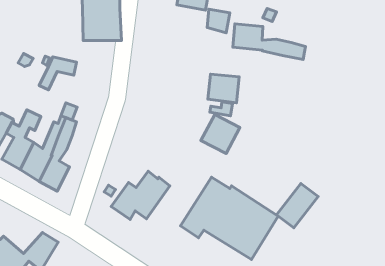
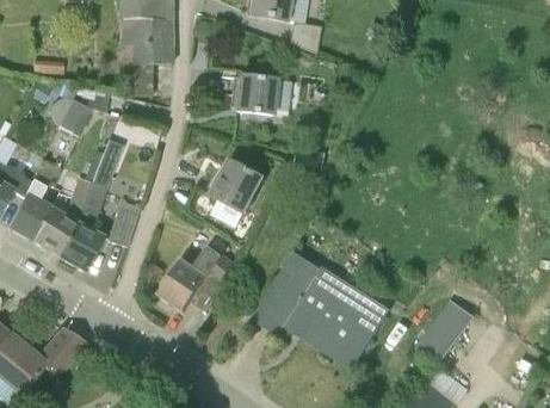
building: [233,24,306,59] -> none
building: [208,74,239,103] -> [235,75,278,115]
building: [201,114,240,153] -> [211,159,265,212]
building: none -> [106,200,140,246]
building: [276,184,318,228] -> [414,303,471,364]

